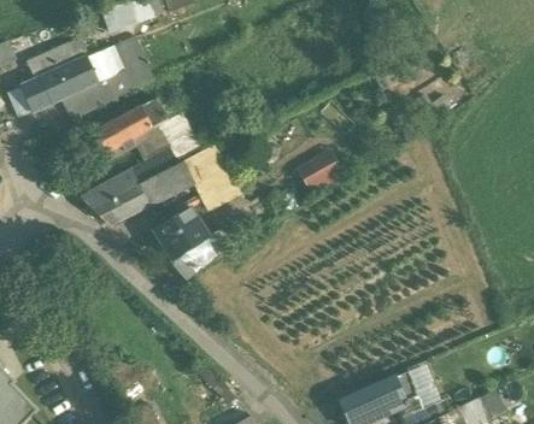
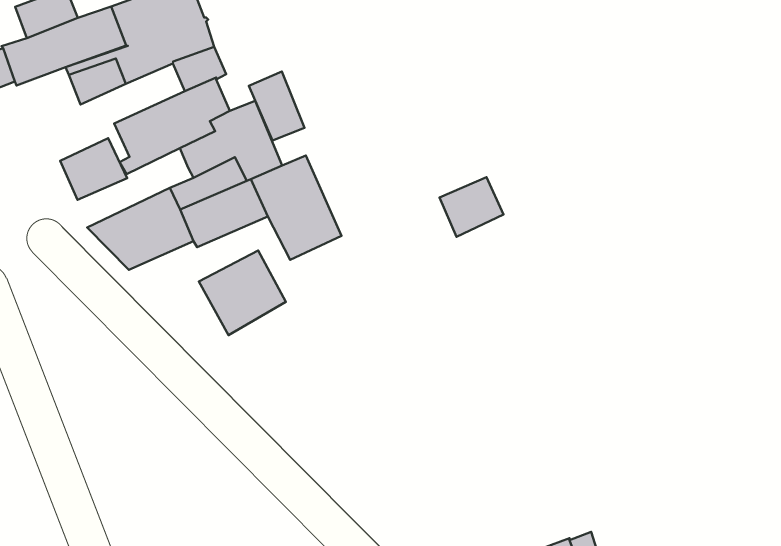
building: none -> [249,71,305,141]
building: none -> [60,138,127,200]
building: [169,237,217,279] -> none

